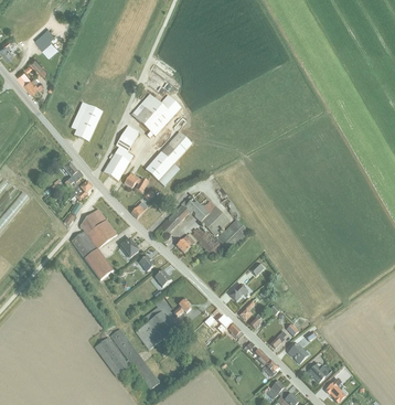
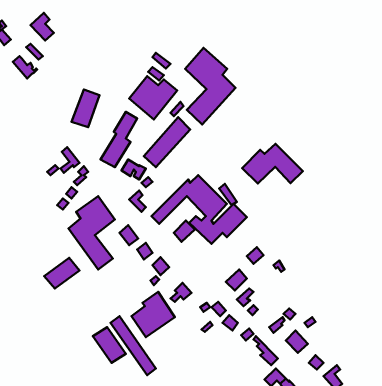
building: none -> [185,48,235,124]
building: none -> [242,144,303,183]
building: none -> [44,258,80,289]

